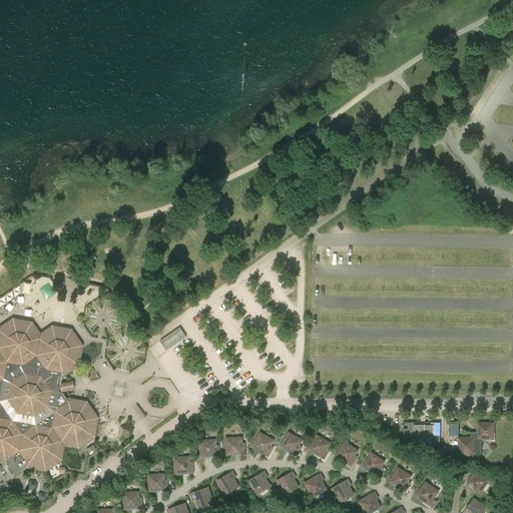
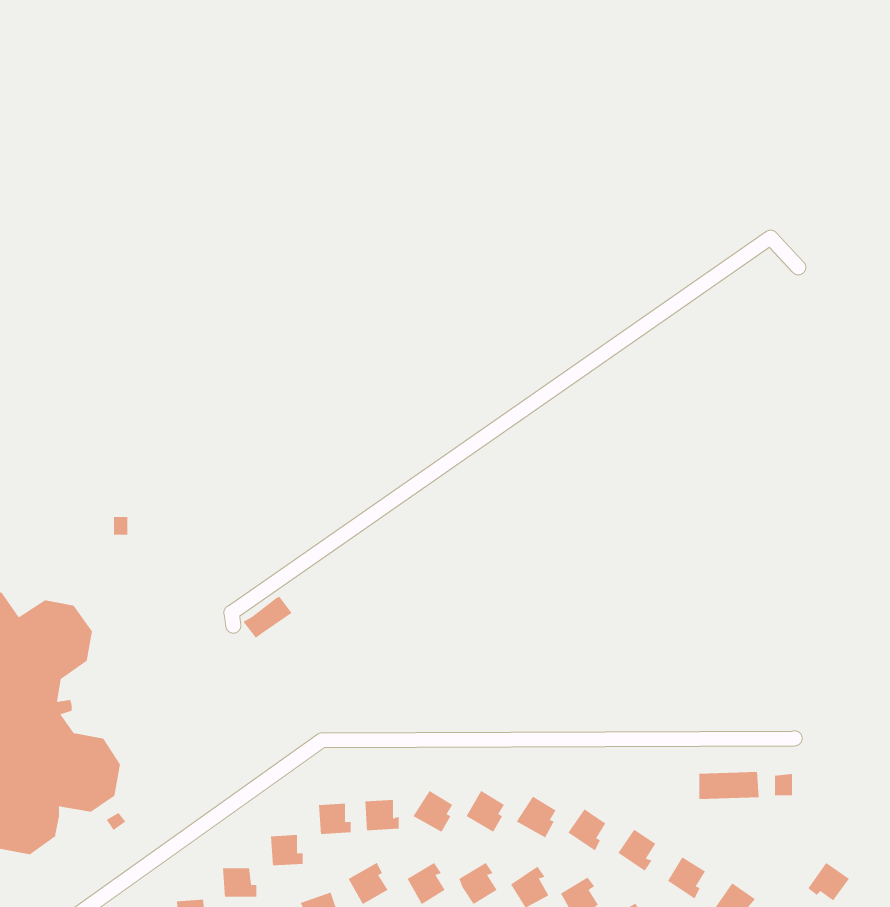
building: [458,423,493,453] -> none

